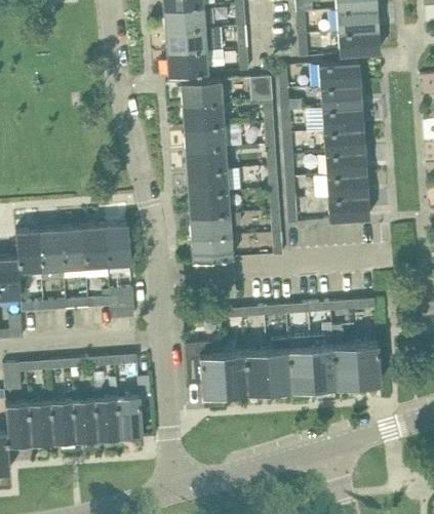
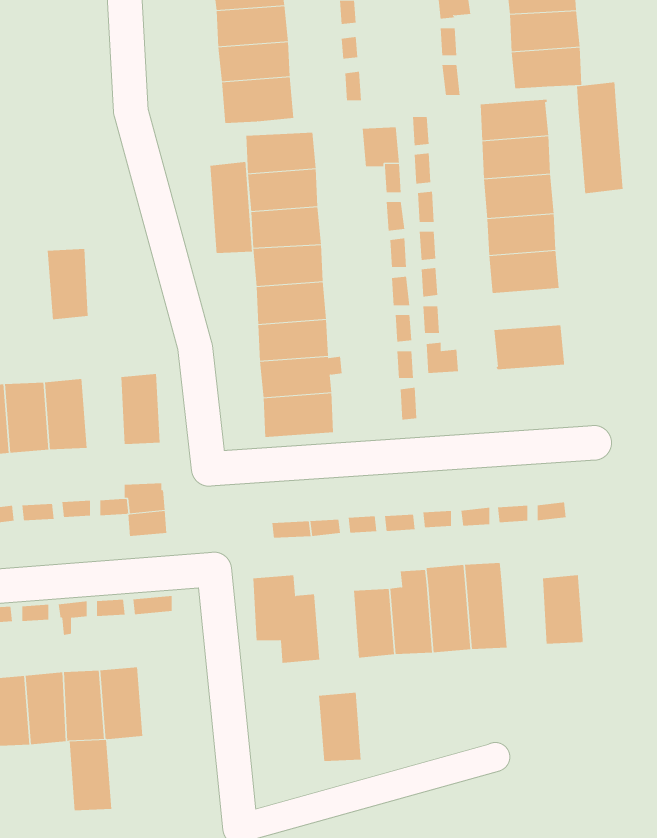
building: none -> [577,81,623,194]
building: none -> [210,161,253,254]
building: [326,174,367,199] -> none
building: [84,227,109,269] -> [47,249,89,320]
building: [330,328,358,387] -> none
building: [222,353,247,394] -> [318,692,362,762]
building: [117,397,143,439] -> [69,740,112,811]

